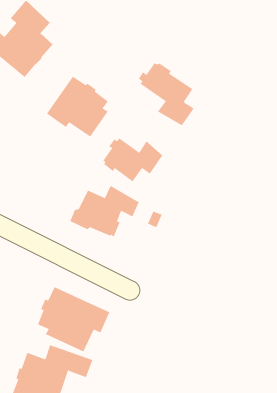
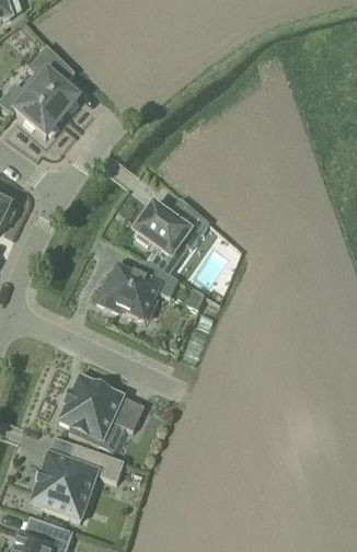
building: [138,62,195,126] -> none
building: [46,76,108,138] -> none

